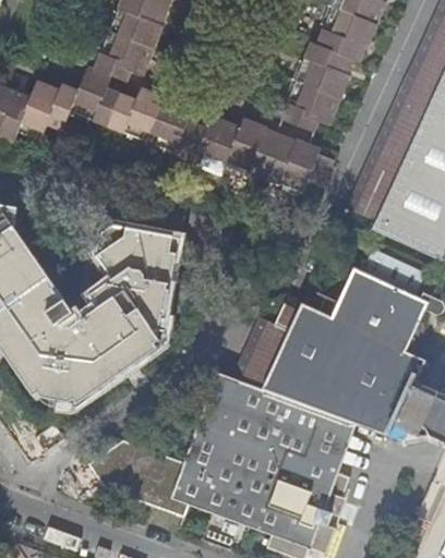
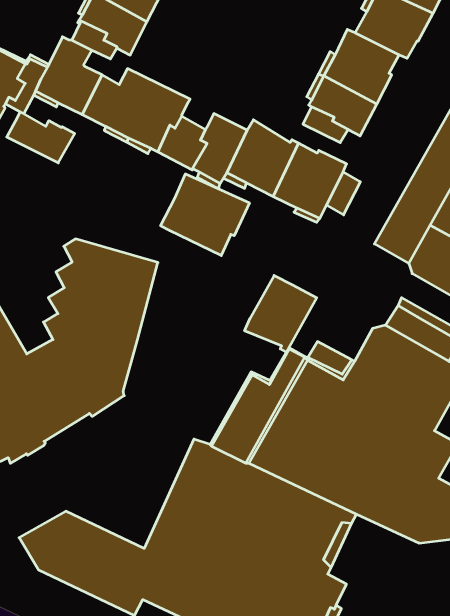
building: none -> [7,112,75,163]
building: none -> [161,174,249,256]
building: none -> [245,275,317,352]

